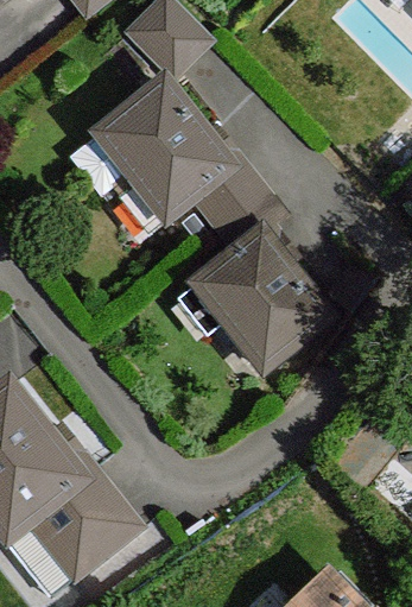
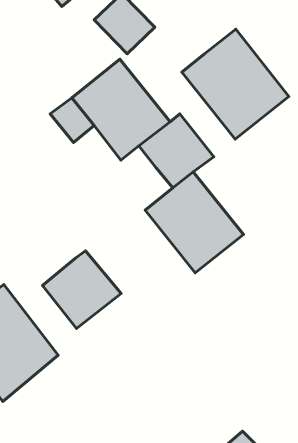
building: none -> [182,29,289,139]
building: [39,467,144,570] -> [43,251,121,328]

